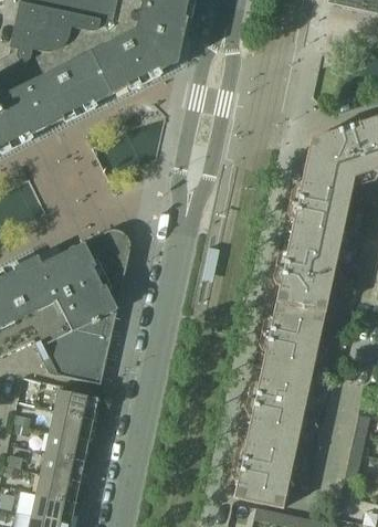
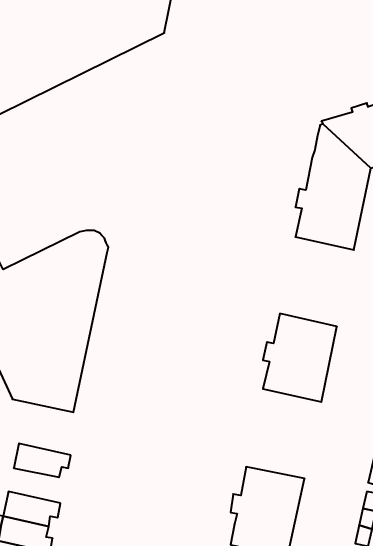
building: [275,235,339,312] -> none
building: [248,365,312,441] -> none
building: [54,389,101,421] -> none
building: [45,432,92,462] -> none

